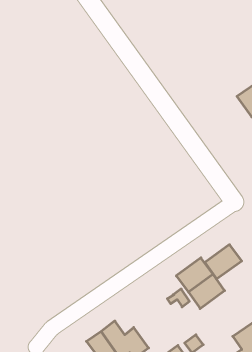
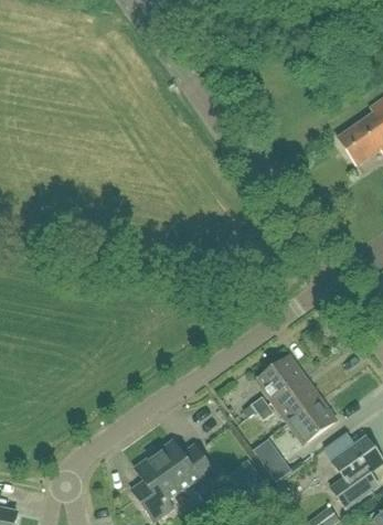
building: [205,245,242,279] -> [287,397,337,443]

